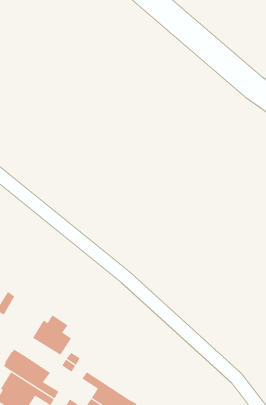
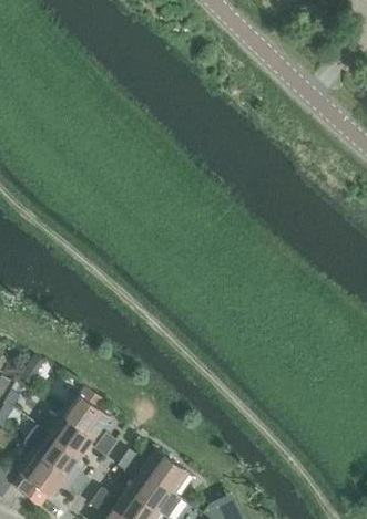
building: none -> [47,413,93,456]
building: none -> [123,449,188,494]

